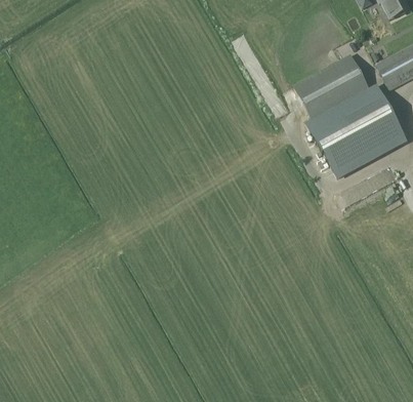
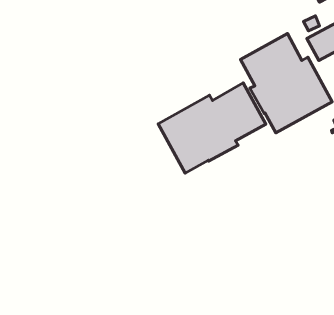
building: none -> [158,83,266,173]

